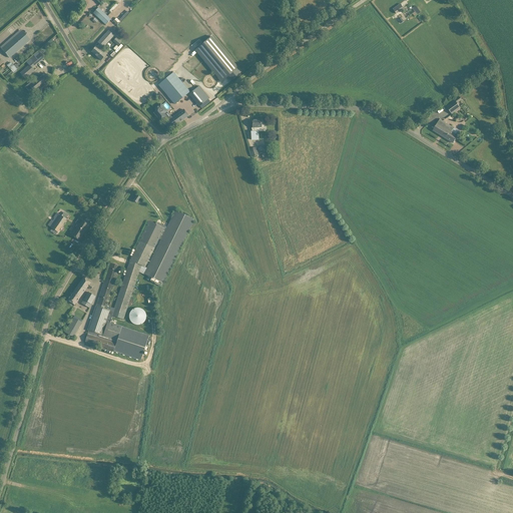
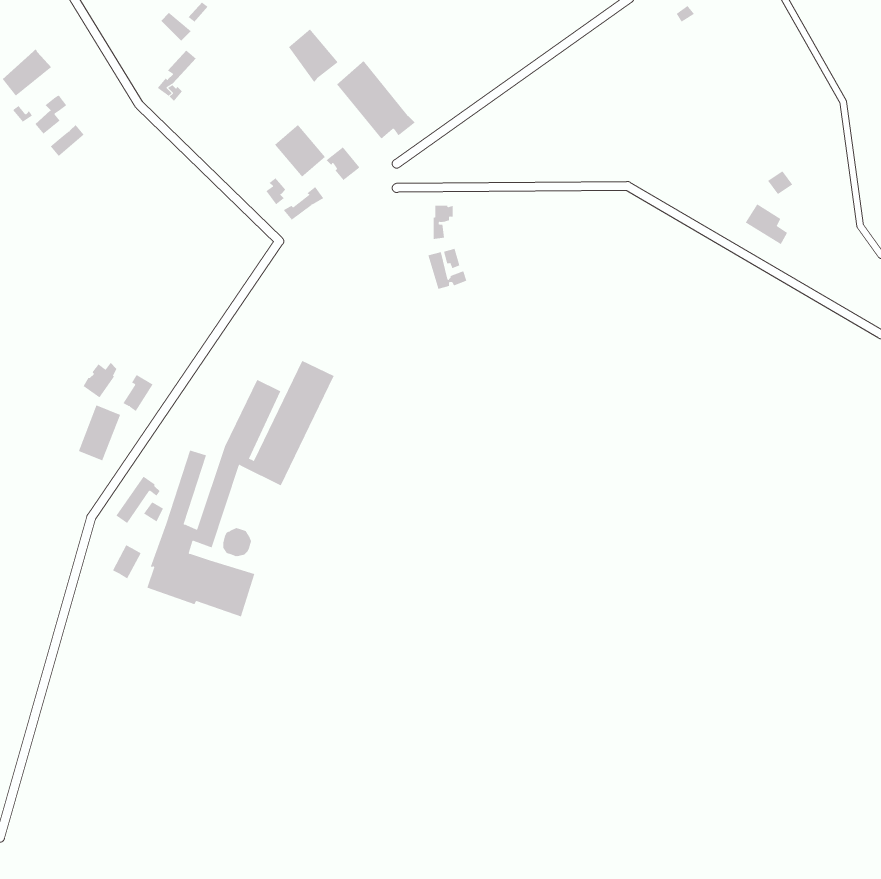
building: none -> [288,28,339,83]
building: none -> [78,405,121,461]

